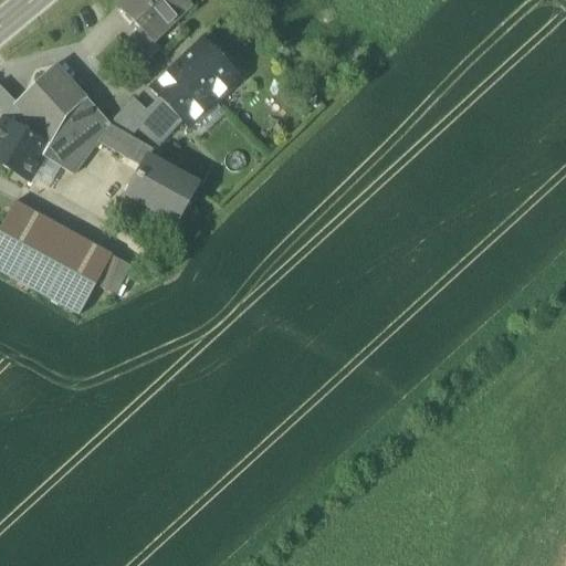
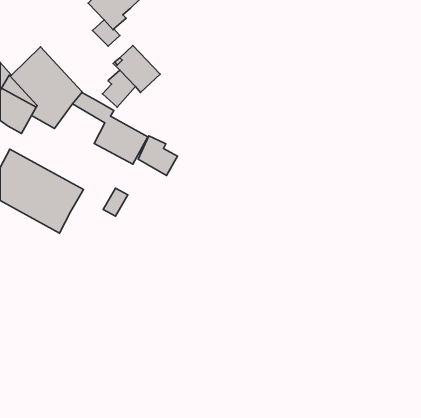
building: [179,38,239,99] -> none
building: [111,96,150,135] -> none
building: none -> [138,136,177,175]
building: [96,254,129,292] -> [103,188,128,216]

